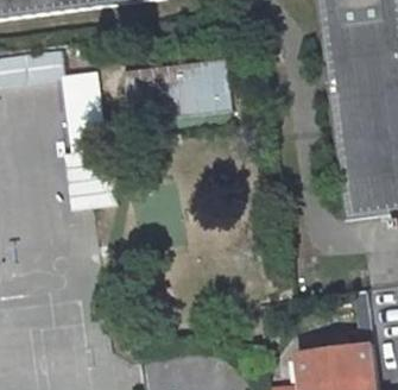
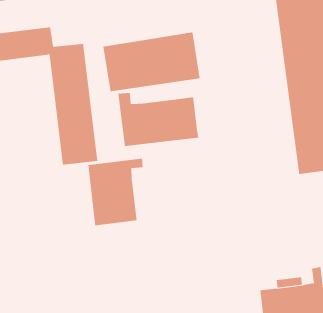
building: none -> [118,92,199,147]
building: none -> [88,158,143,226]

